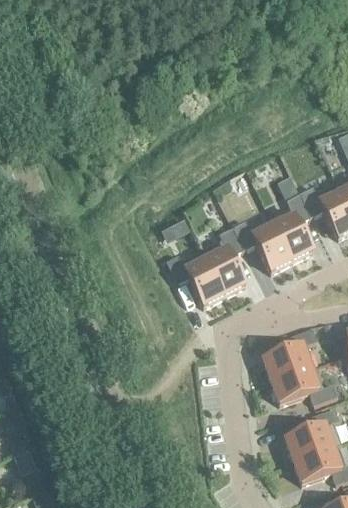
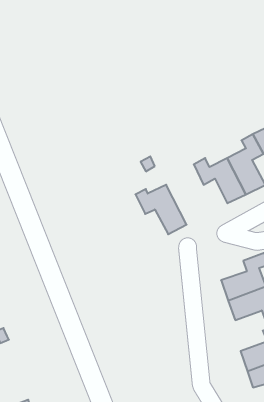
building: [202,228,246,296] -> none

